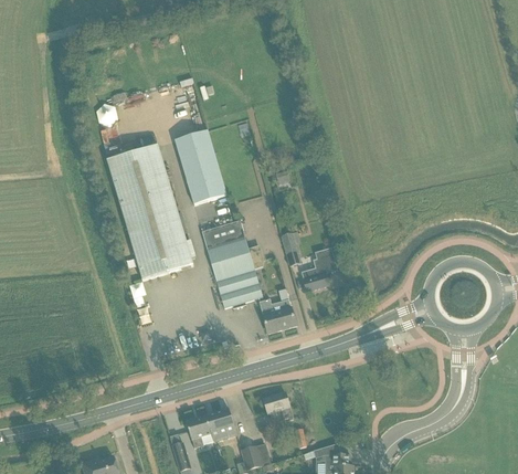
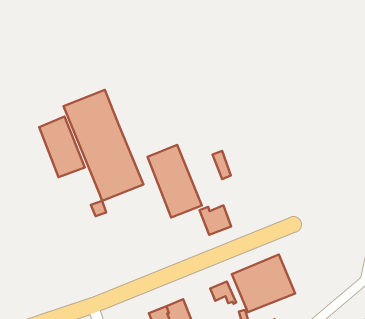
building: [176,130,226,203] -> [39,117,85,177]
building: [302,247,338,291] -> none
building: none -> [232,254,295,312]

